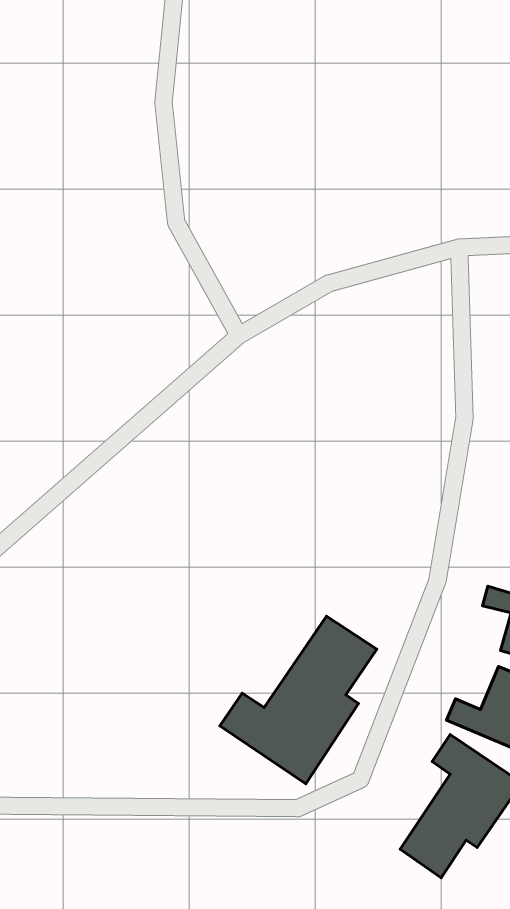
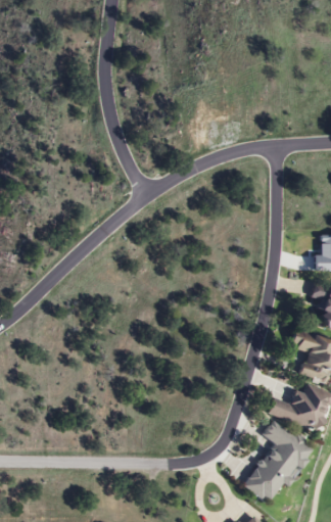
building: [220,616,377,784] -> none

